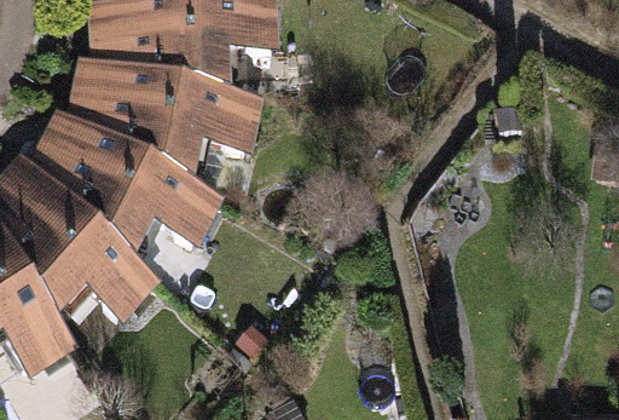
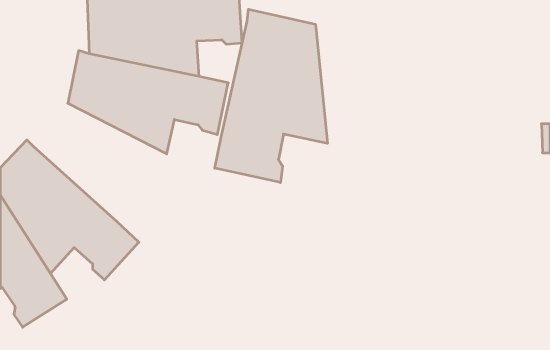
building: none -> [215,9,327,183]
building: [37,114,219,252] -> none

